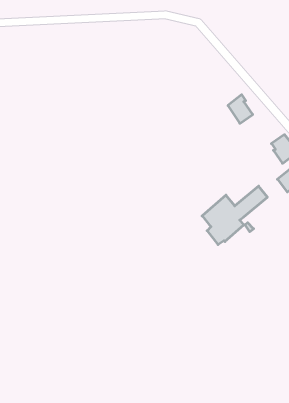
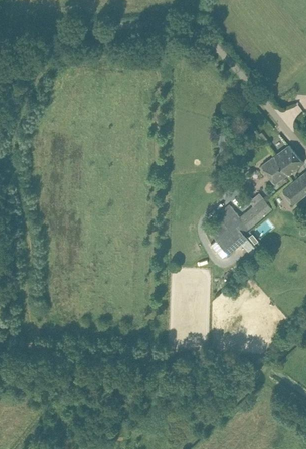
building: [228,95,253,123] -> [262,154,287,183]

